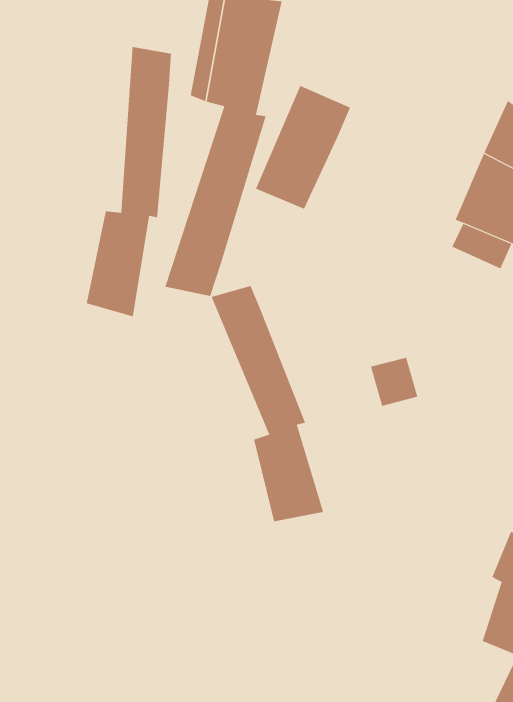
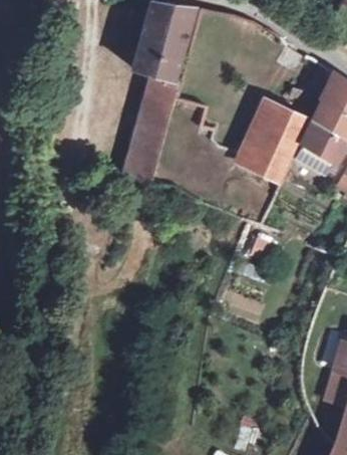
building: [86,46,172,317] -> none
building: [255,85,351,209] -> [242,108,302,187]
building: [211,285,324,522] -> none

